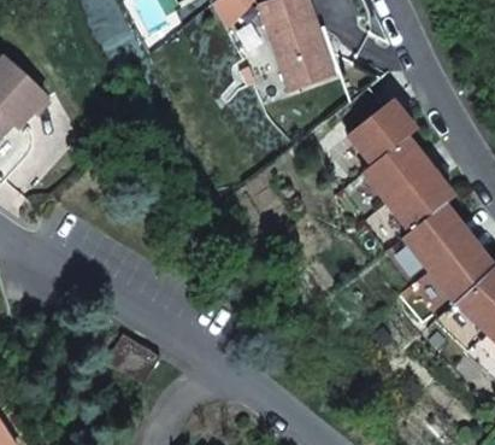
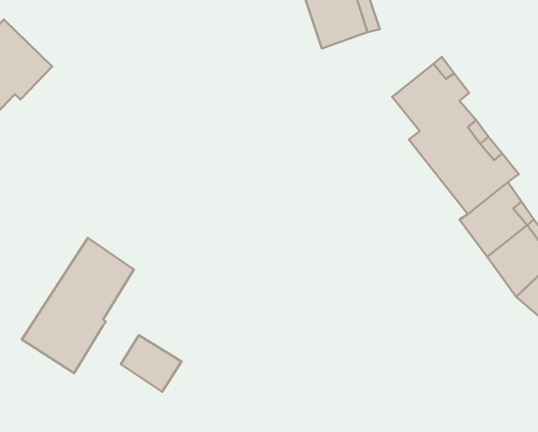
building: none -> [22,238,134,373]

